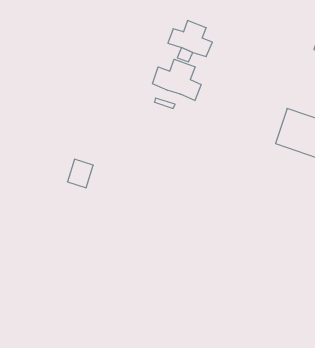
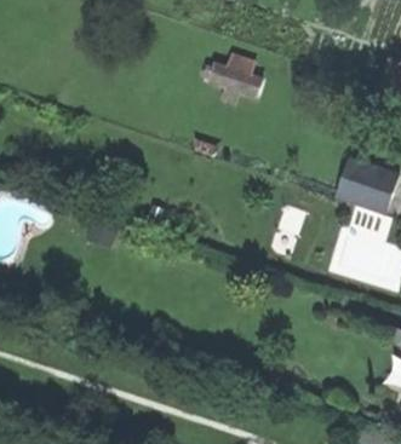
building: [153,59,201,101] -> none

